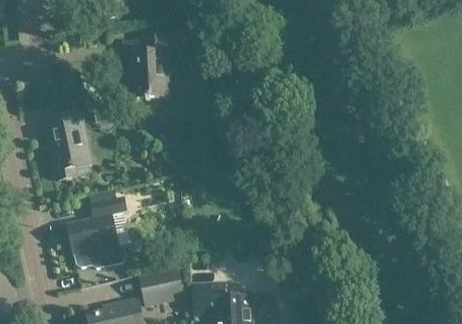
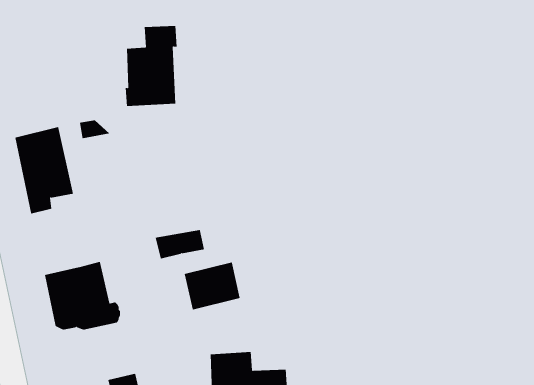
building: [89,194,126,216] -> [155,229,205,259]
building: [140,264,183,301] -> [184,262,241,310]

